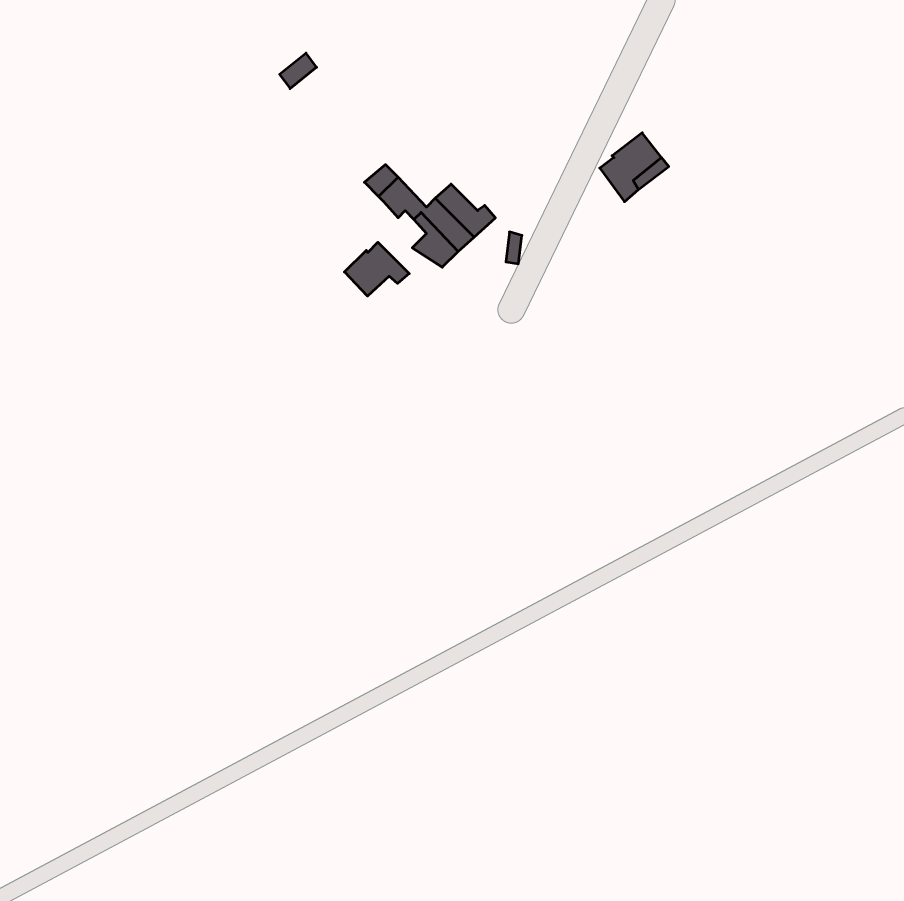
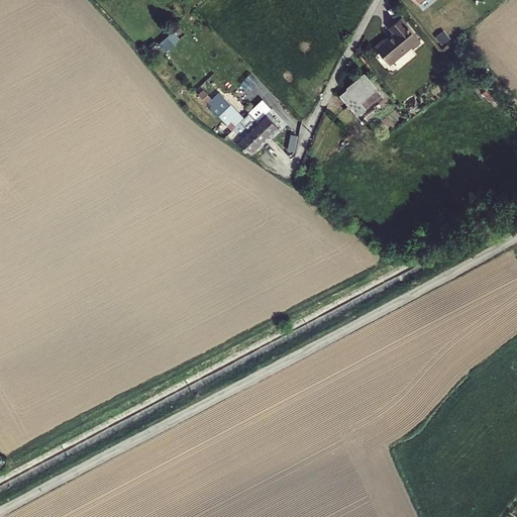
building: none -> [374,17,419,64]
building: [344,242,409,296] -> none

